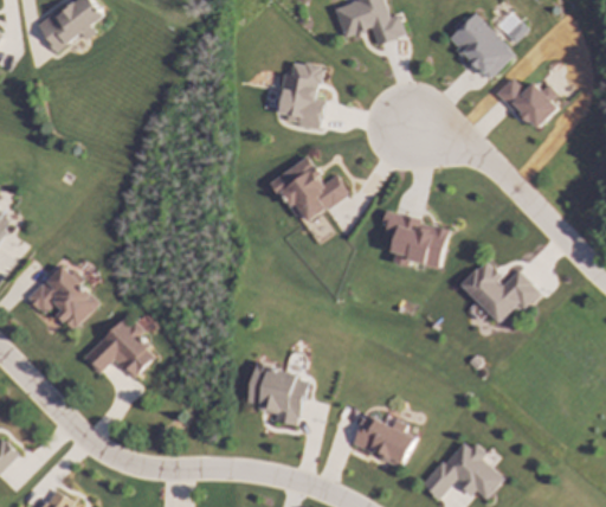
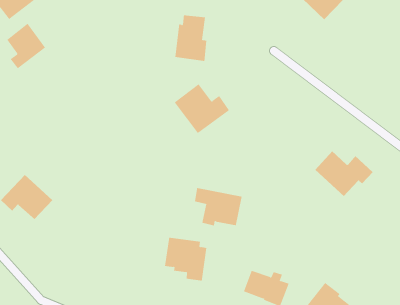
building: none -> [7,23,46,69]
building: [494,77,556,129] -> none
building: [381,212,447,268] -> [194,187,242,226]
building: [83,320,156,379] -> none

